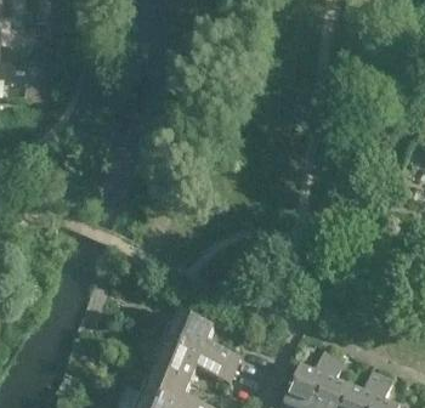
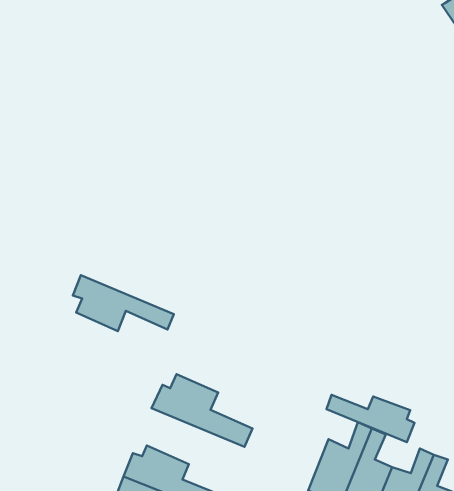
building: none -> [326,395,414,442]
building: [154,339,233,382] -> [73,275,174,331]

